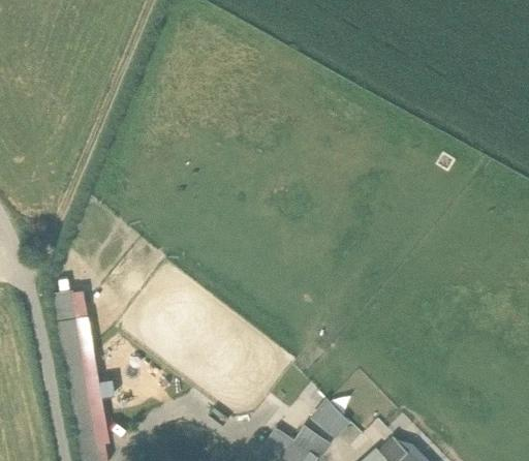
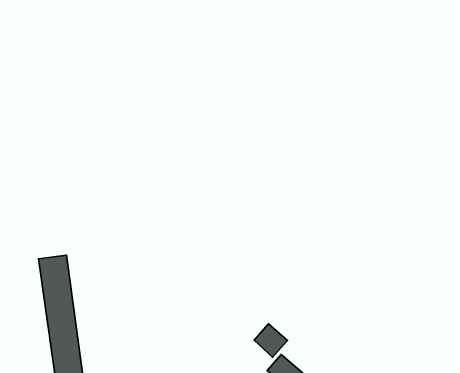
building: none -> [254,324,287,357]

